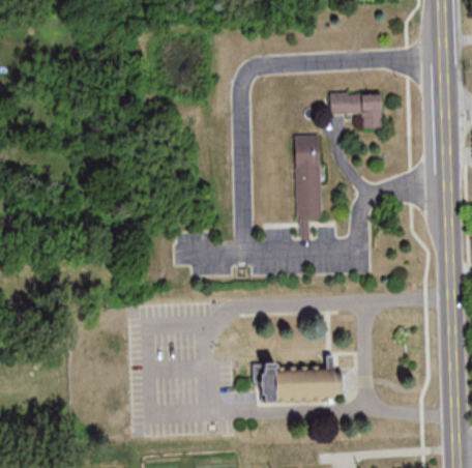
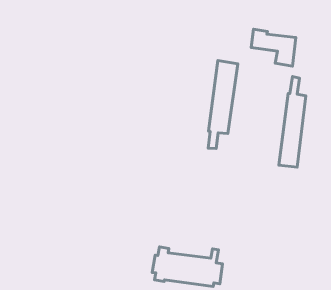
building: none -> [279,77,306,167]

